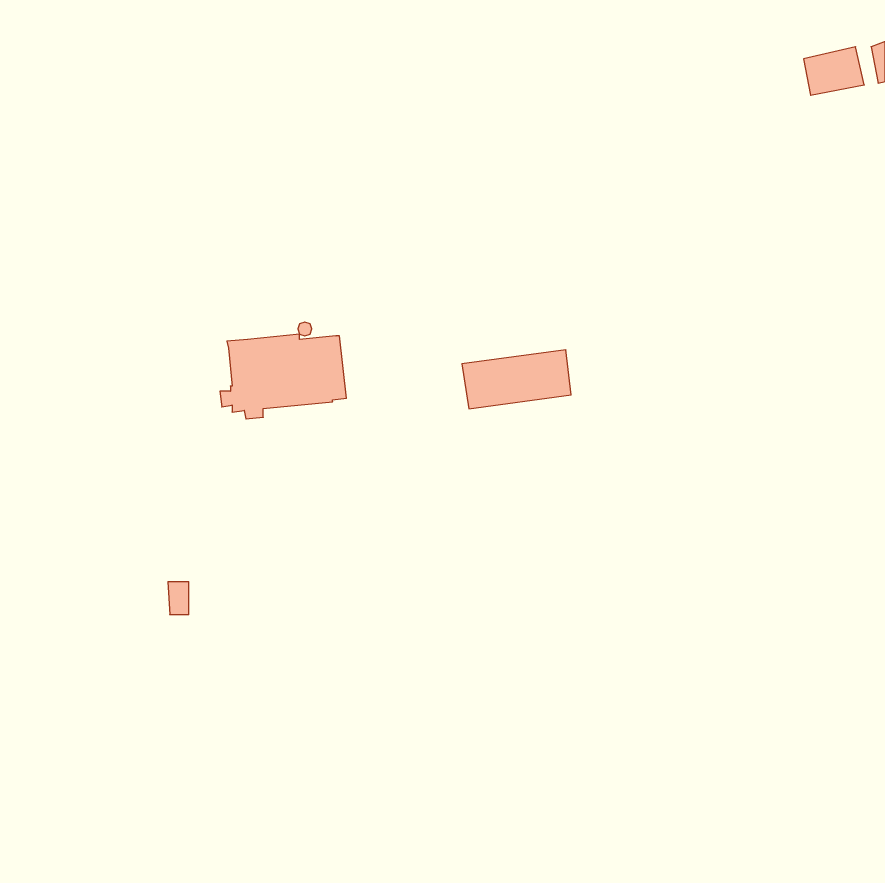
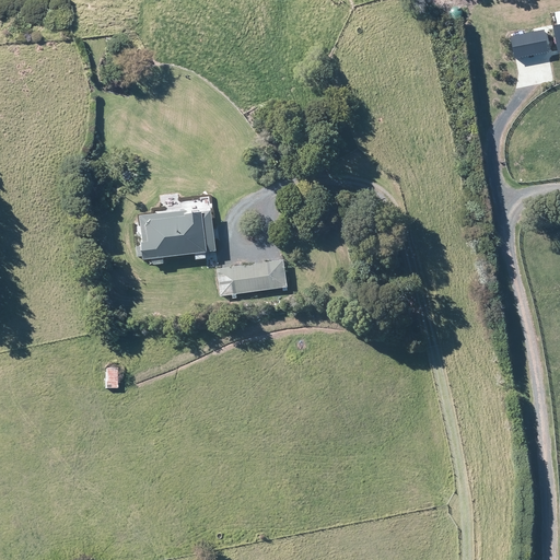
building: [462,350,571,409] -> [219,258,288,295]

